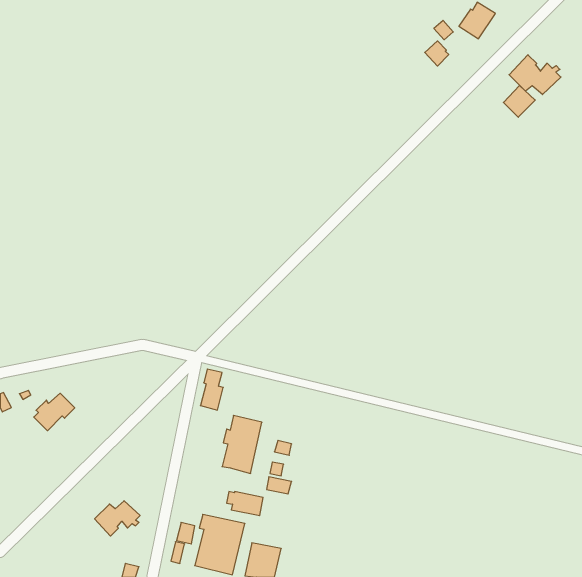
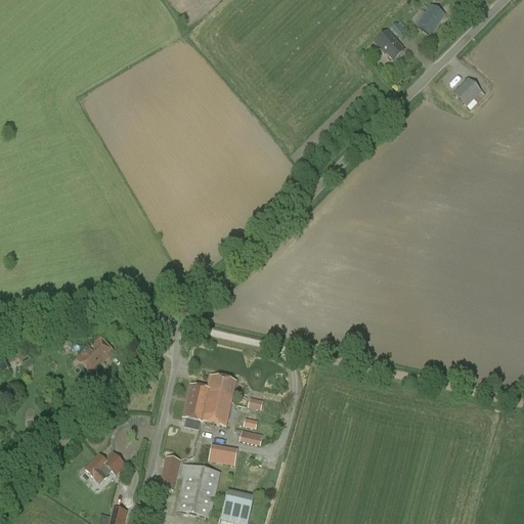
building: [509,55,561,95] -> none
building: [200,369,223,410] -> [184,383,205,420]
building: [34,393,75,431] -> [76,337,113,370]

